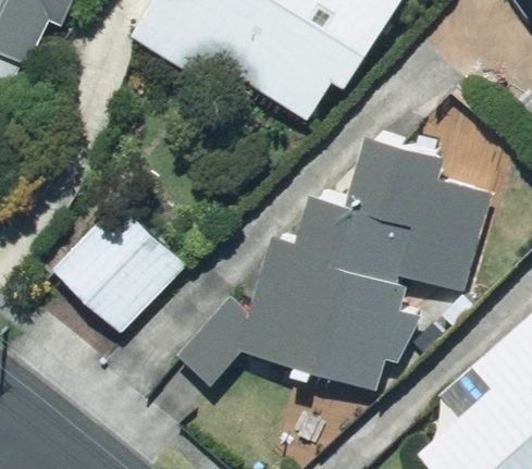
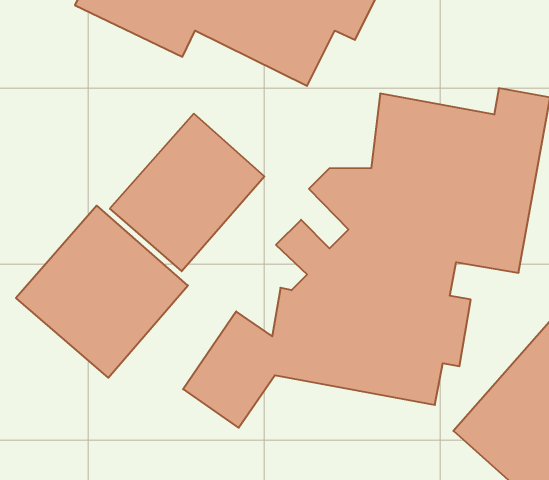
building: none -> [110,114,264,271]

